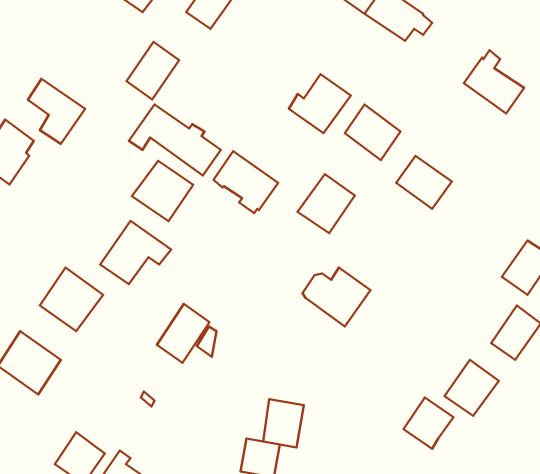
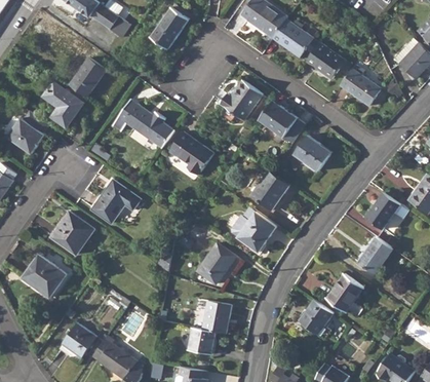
building: none -> [306,43,344,79]
building: [126,42,179,99] -> [69,58,105,97]
building: [132,161,193,221] -> none
building: [298,174,355,233] -> [250,169,289,209]
building: [157,304,210,363] -> [198,242,234,282]

